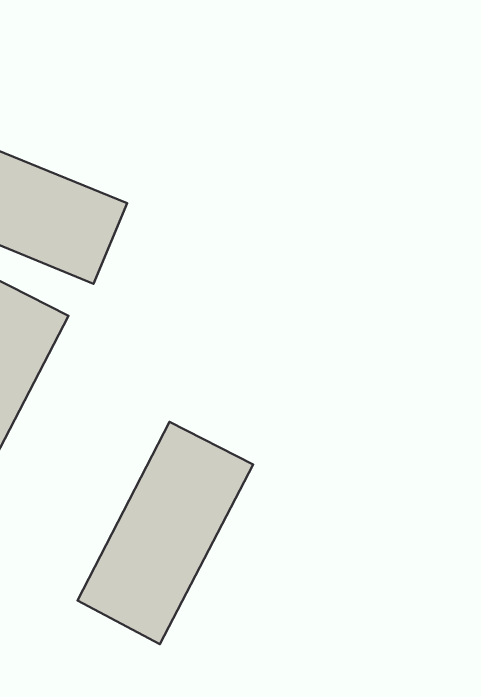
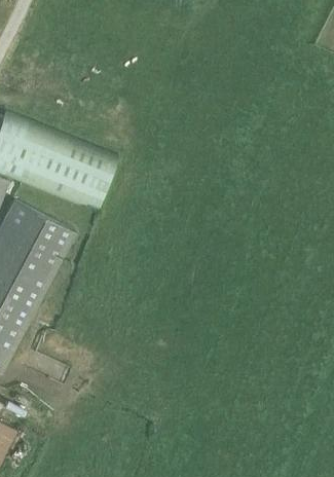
building: [78,422,253,644] -> none

